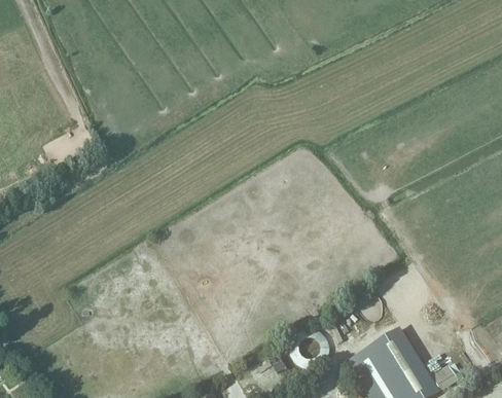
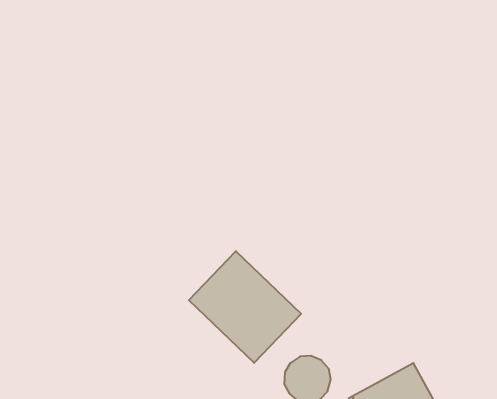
building: none -> [189,251,301,363]

